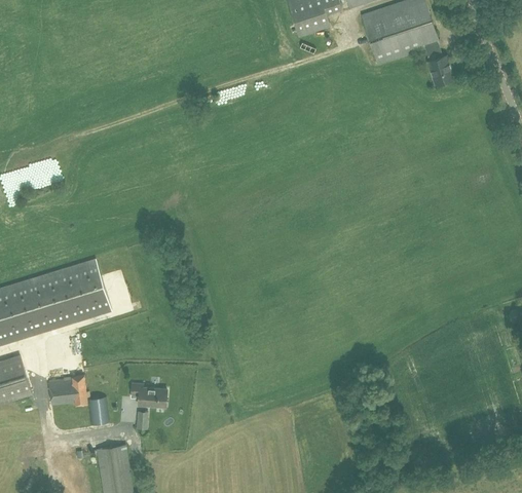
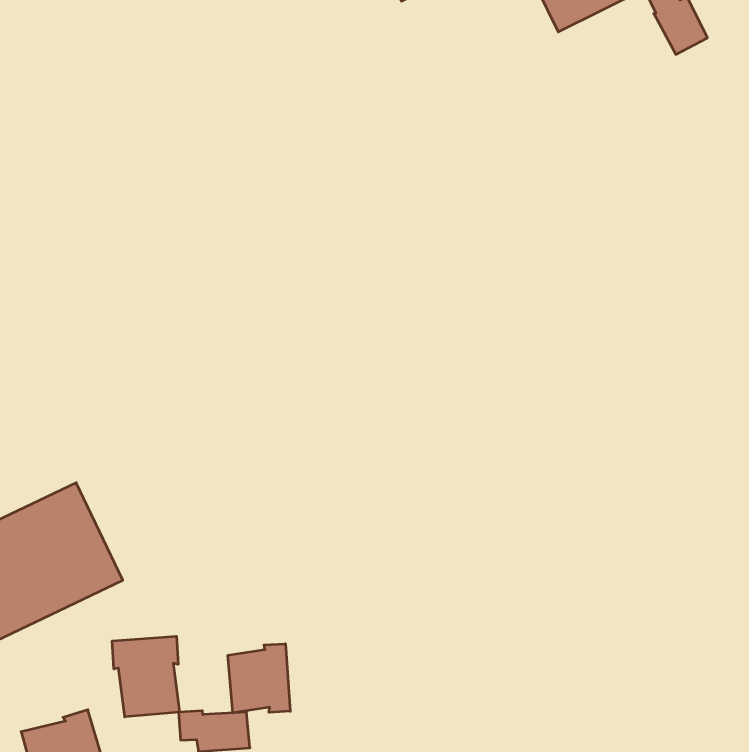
building: none -> [112,636,180,717]
building: none -> [228,644,290,713]

